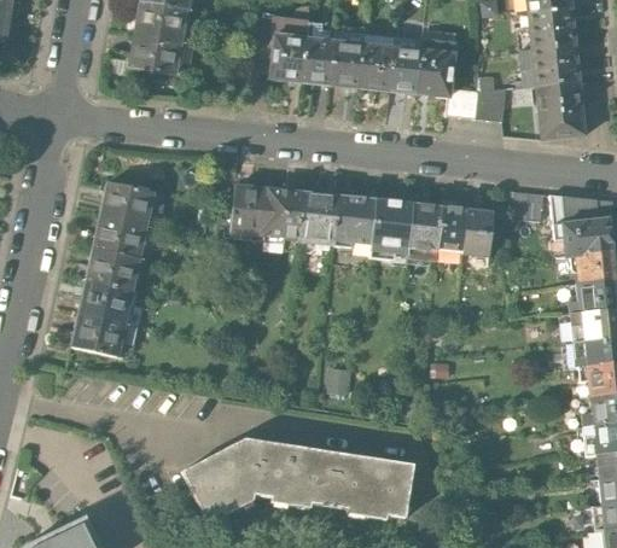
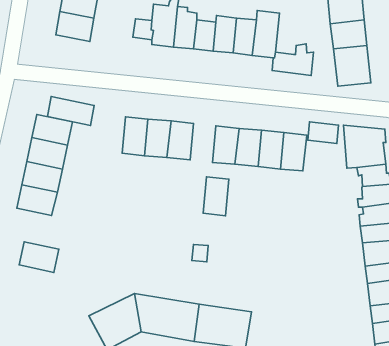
building: none -> [47,96,94,126]
building: [326,192,363,249] -> [203,177,229,216]
building: [66,315,124,360] -> [19,242,59,272]

